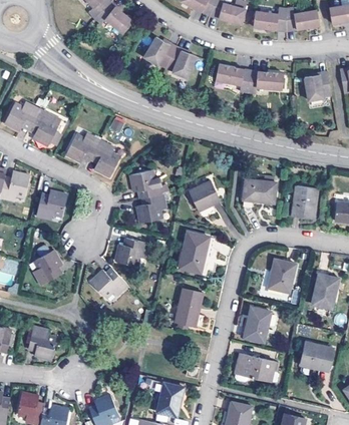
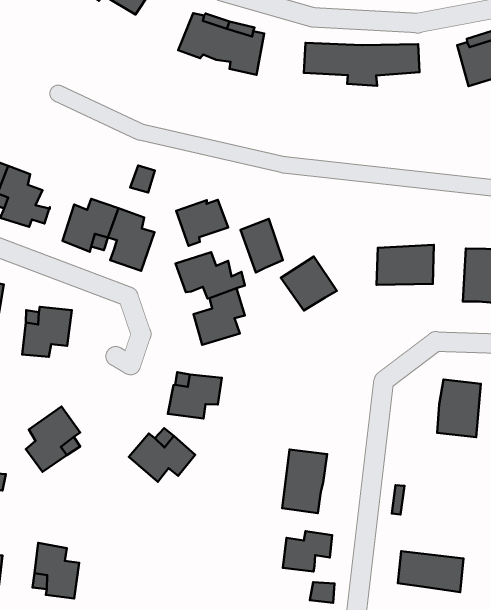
building: none -> [176,200,228,246]
building: none -> [241,219,283,272]
building: [179,232,210,274] -> none
building: [244,307,271,343] -> none
building: none -> [283,531,332,572]

